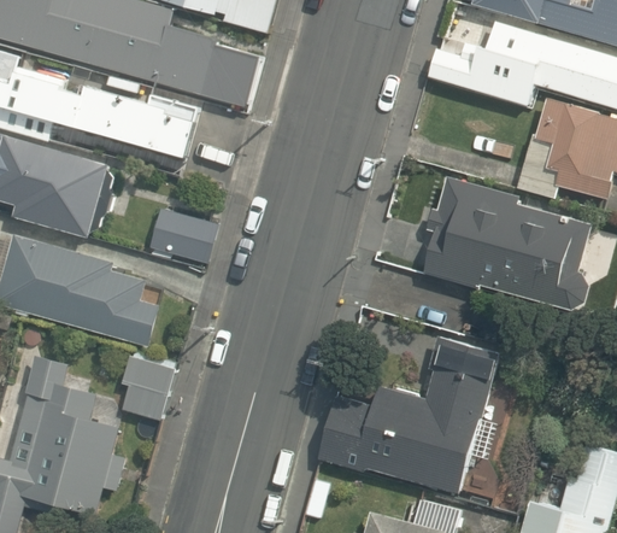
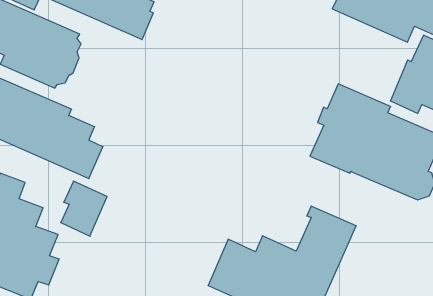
building: [152,209,219,264] -> none

